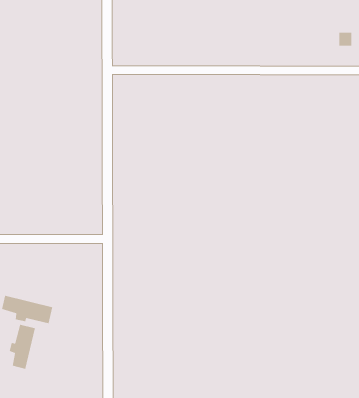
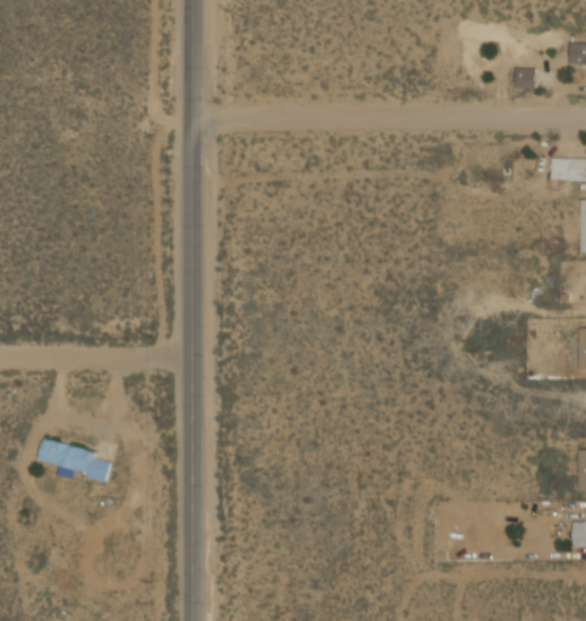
building: [9,324,36,370] -> none

